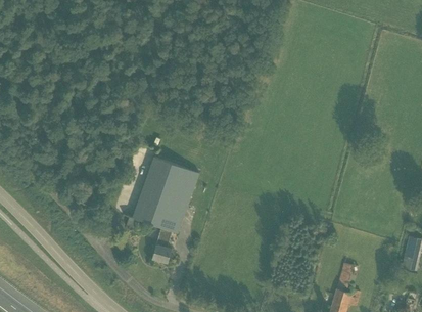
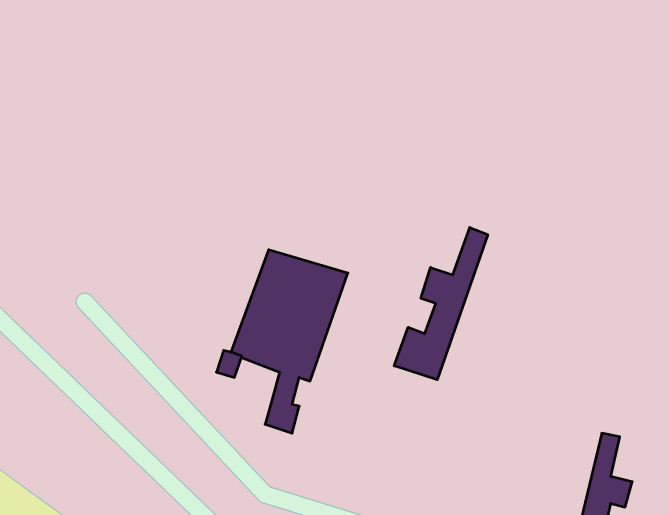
building: none -> [394,227,488,380]

